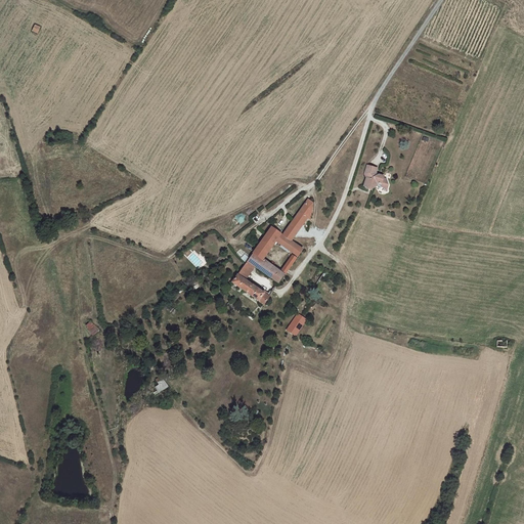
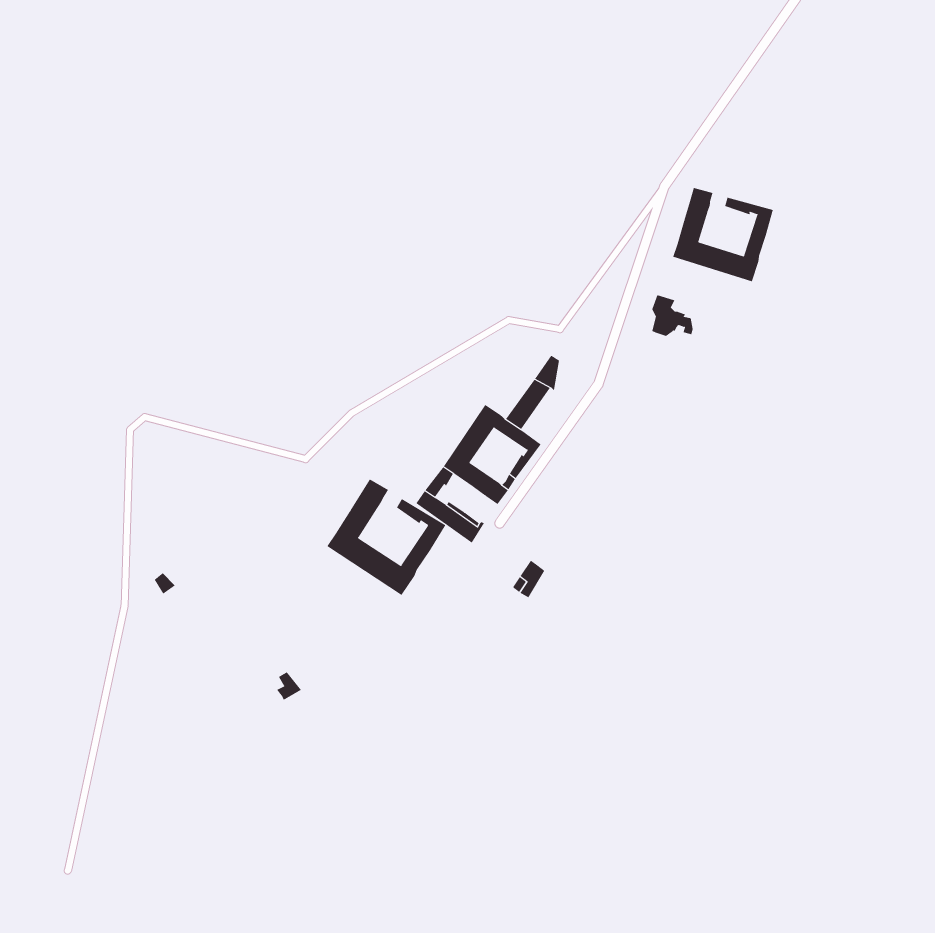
building: none -> [673,187,773,282]
building: none -> [327,478,446,596]

